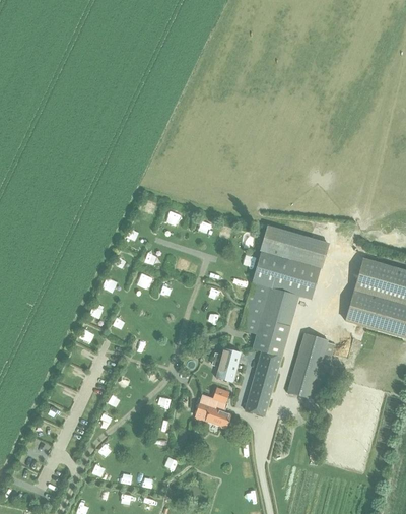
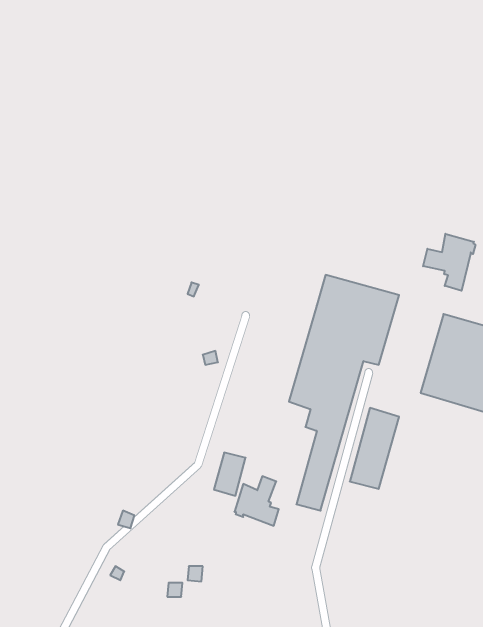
building: none -> [423,234,475,291]
building: [215,346,241,381] -> [214,453,246,496]

